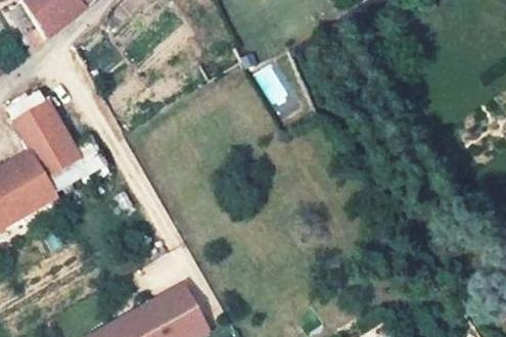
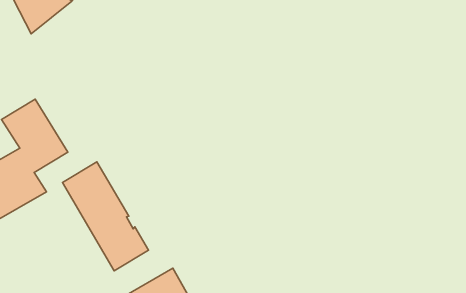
building: none -> [63,162,148,271]

